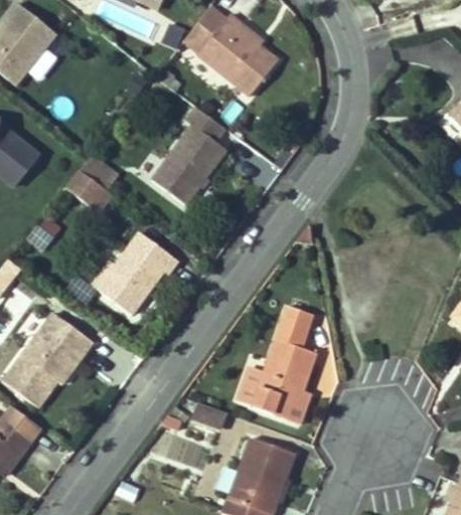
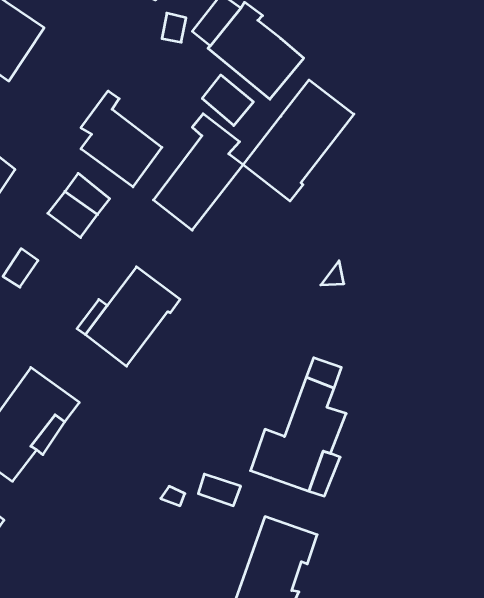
building: none -> [202,75,253,126]
building: none -> [243,80,354,201]
building: none -> [81,91,162,187]

